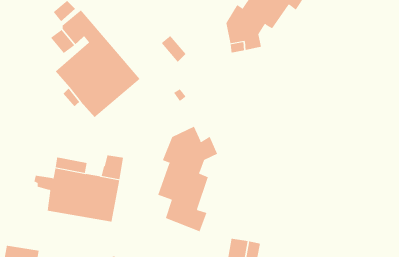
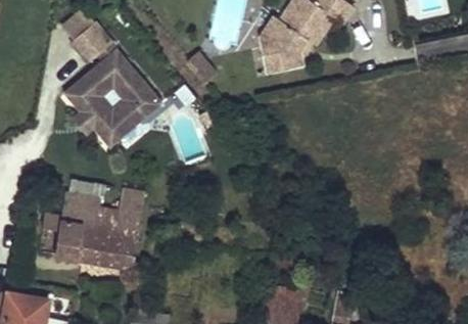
building: [158,126,218,232] -> none

